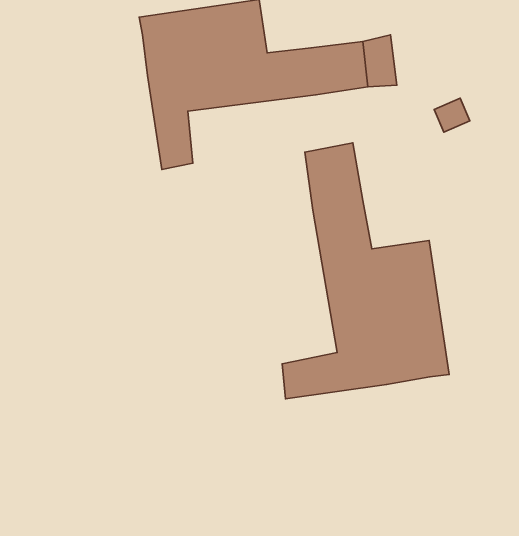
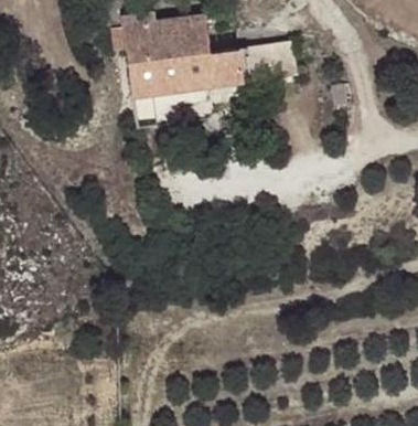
building: [282,143,449,399] -> none

